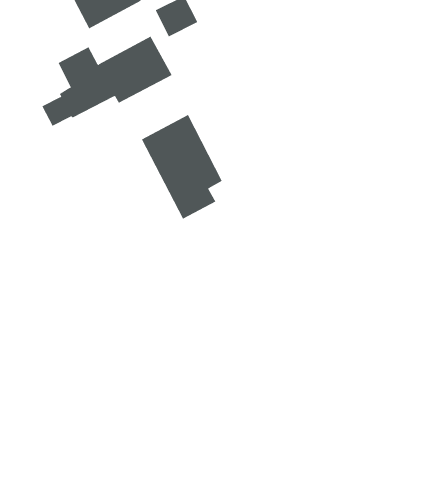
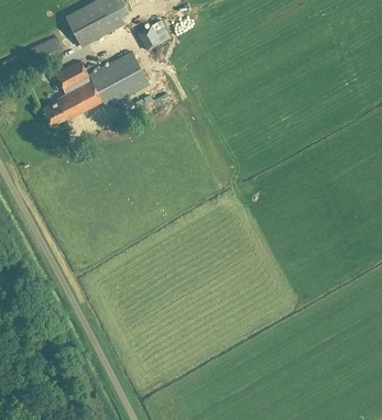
building: [141,114,223,220] -> none

